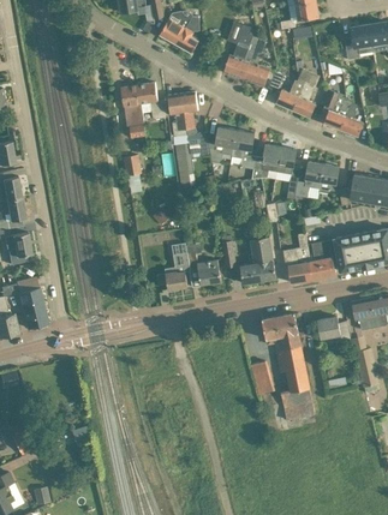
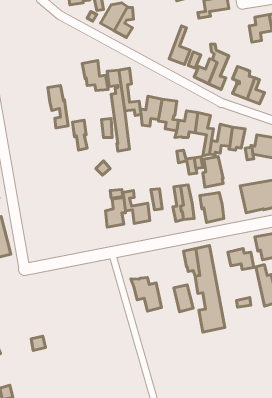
building: [223,31,259,79] -> none
building: [120,85,145,138] -> [48,85,68,128]
building: [310,240,335,279] -> [203,156,223,187]
building: none -> [131,278,161,311]

